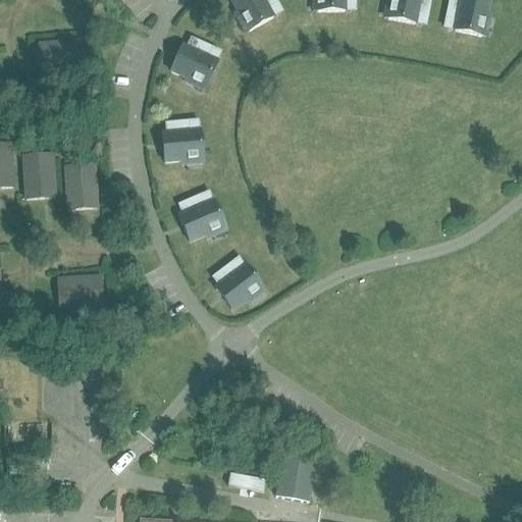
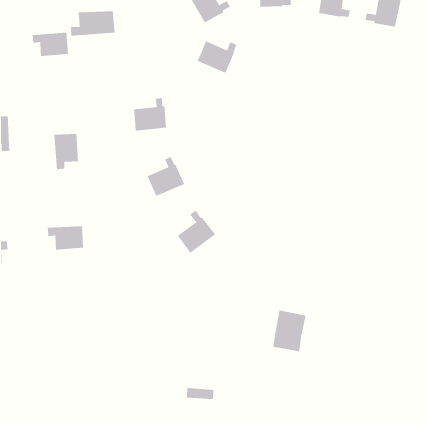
building: none -> [70,11,115,36]
building: [170,44,220,85] -> [196,40,237,74]
building: [23,151,54,197] -> none
building: [275,448,317,500] -> [272,309,306,352]

